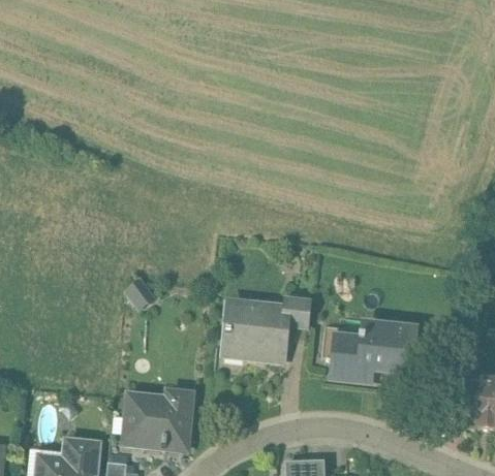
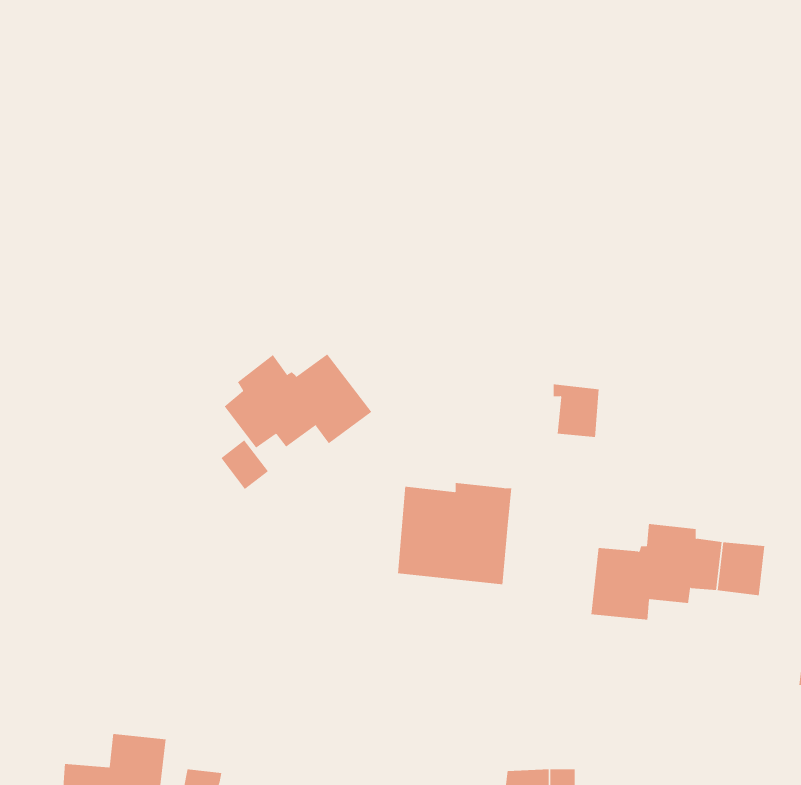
building: none -> [224,354,372,448]
building: [284,297,310,327] -> [553,384,599,438]
building: [127,392,189,449] -> none

